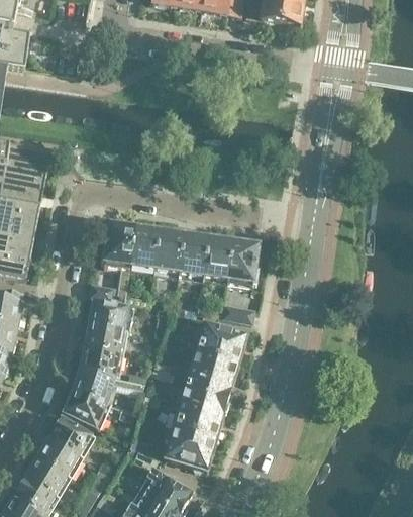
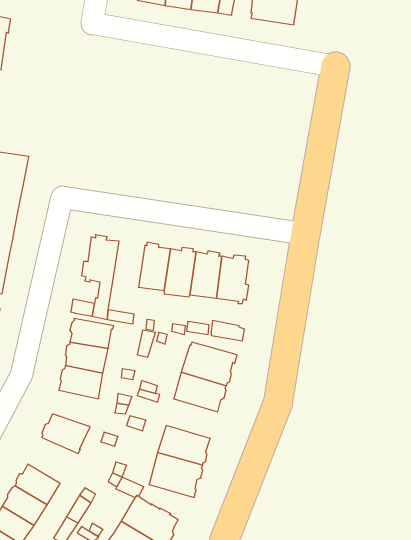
building: [129,225,160,272] -> none
building: [71,369,116,403] -> none
building: [180,377,230,415] -> none
building: [49,418,93,456] -> none

